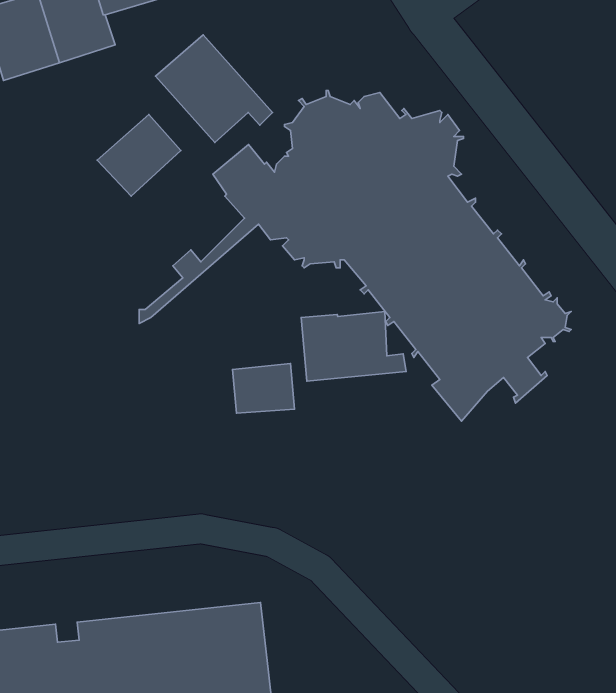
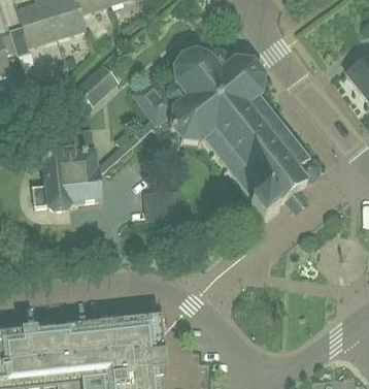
building: [155,35,272,143] -> none
building: none -> [32,131,100,210]
building: [301,312,406,381] -> none

